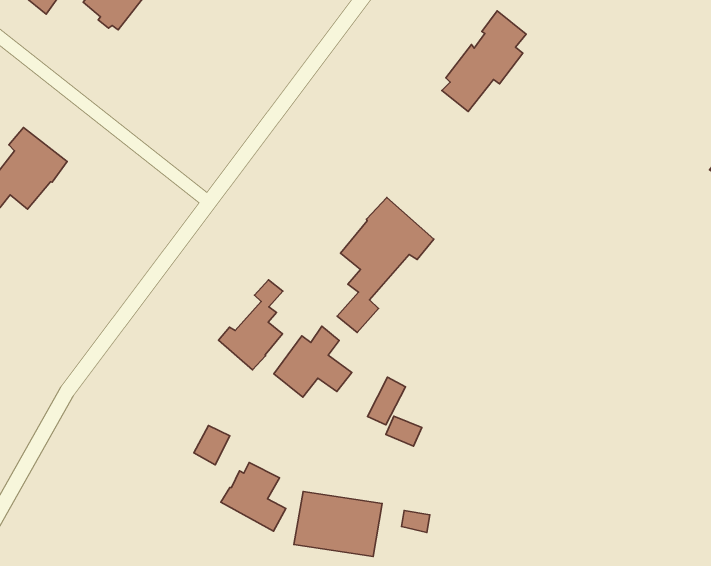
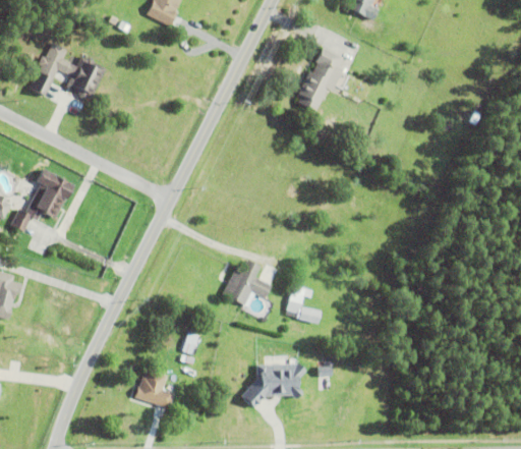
building: [337,197,434,333] -> none
building: [219,280,283,370] -> none
building: [221,463,286,531] -> [134,371,175,410]

